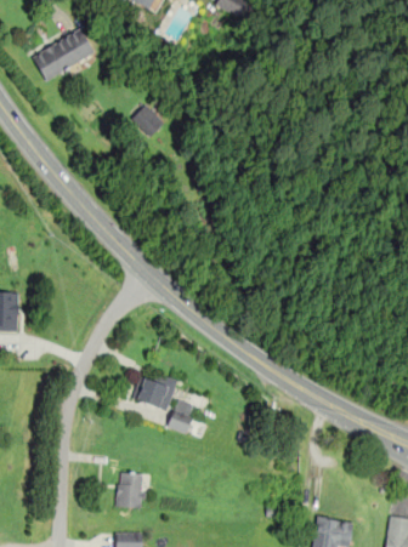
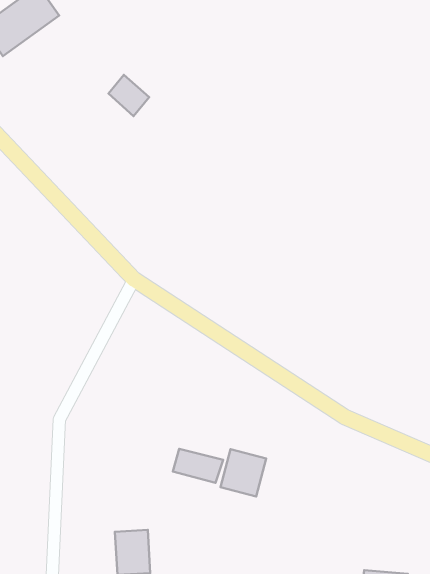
building: [135,376,169,410] -> none
building: none -> [221,449,266,497]

